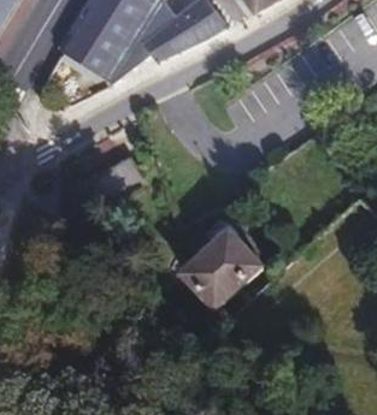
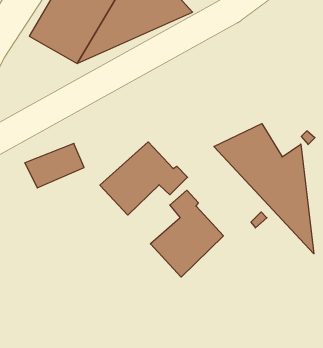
building: none -> [214,124,314,254]
building: none -> [100,142,188,215]

